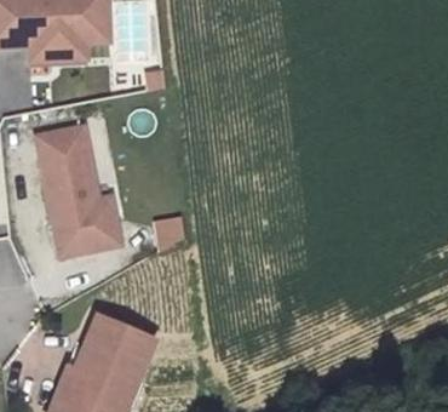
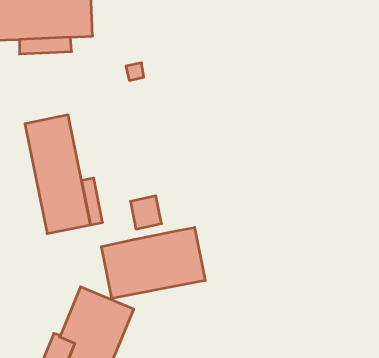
building: none -> [101,227,205,299]

